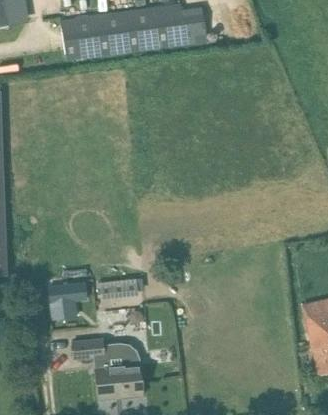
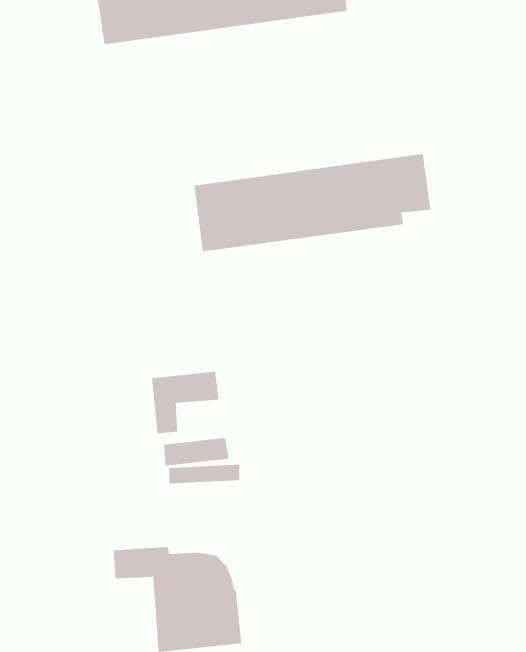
building: none -> [194,153,431,252]
building: [48,283,86,318] -> [151,371,219,434]

